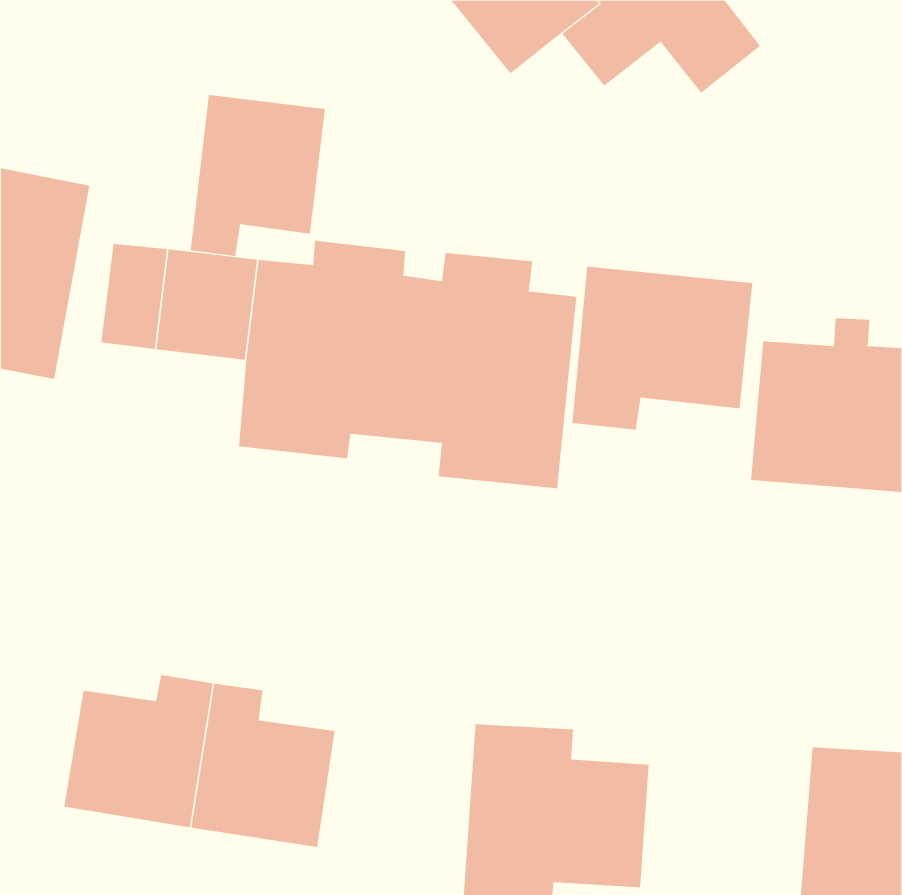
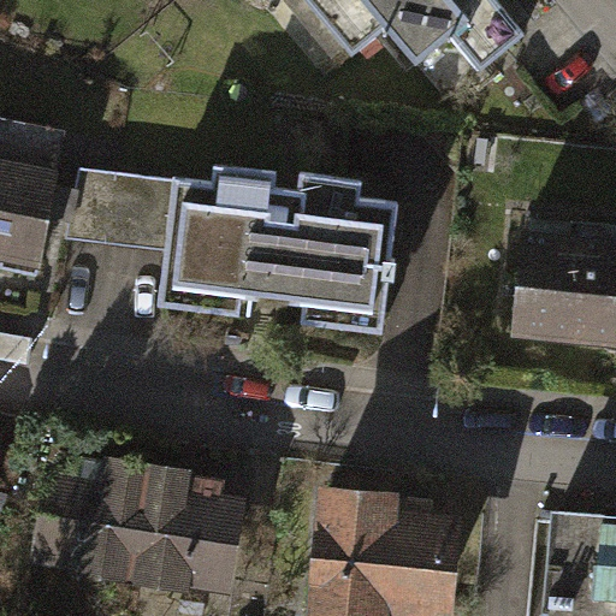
building: [190,94,326,257] -> none
building: [572,266,753,430] -> none

